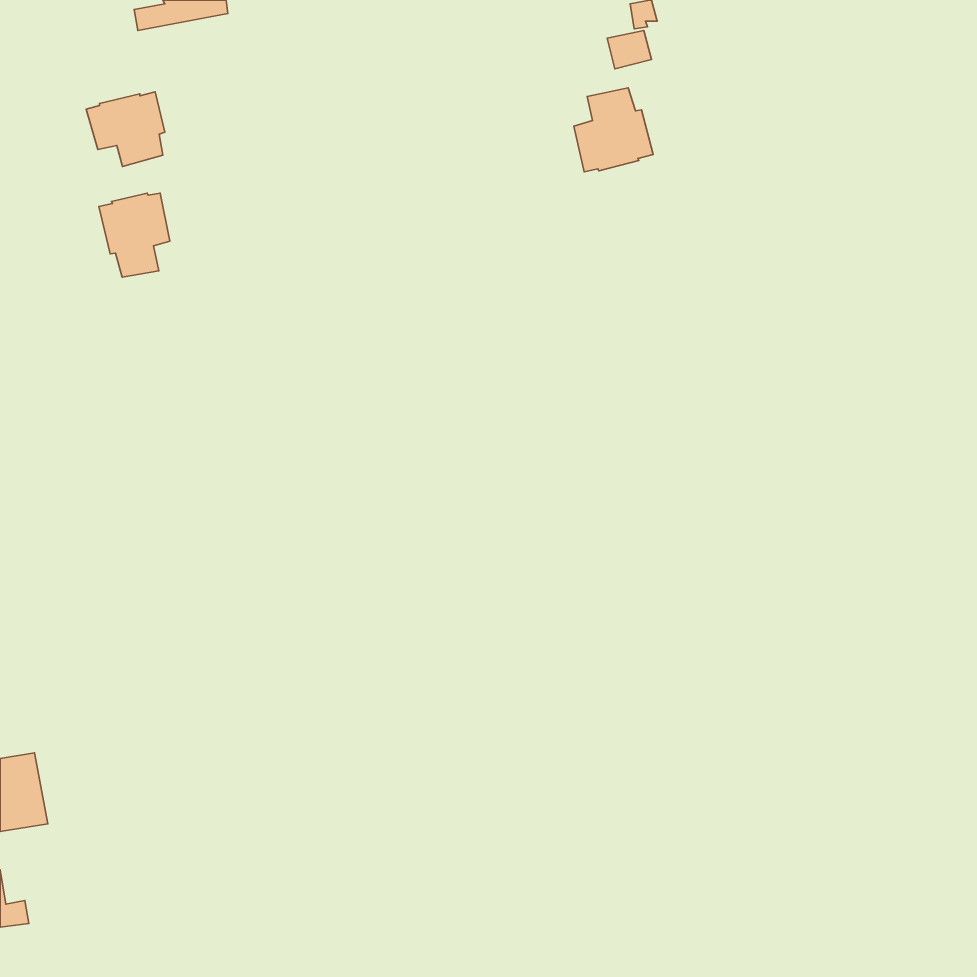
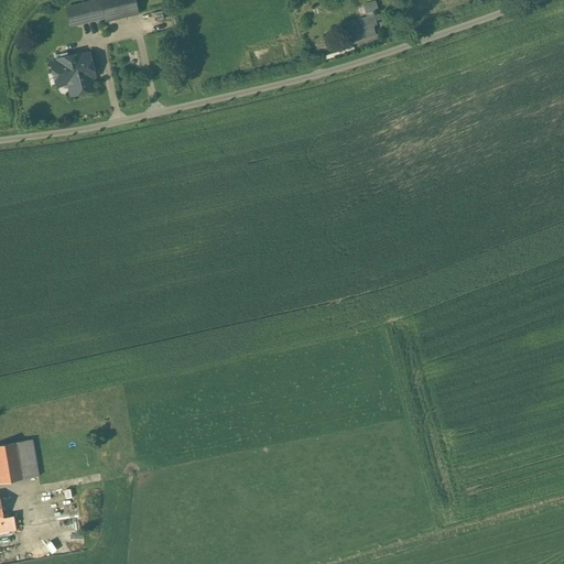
building: [574,88,653,172] -> none
building: [99,193,170,277] -> none

